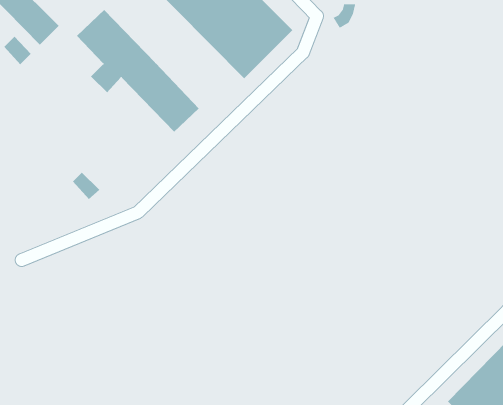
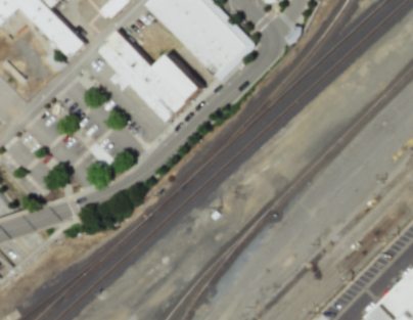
building: none -> [153,55,200,103]

